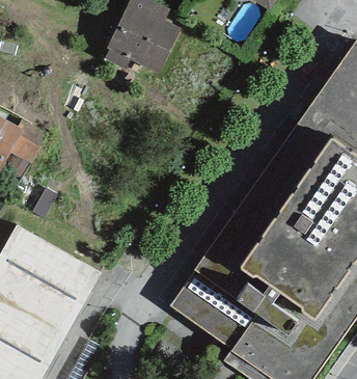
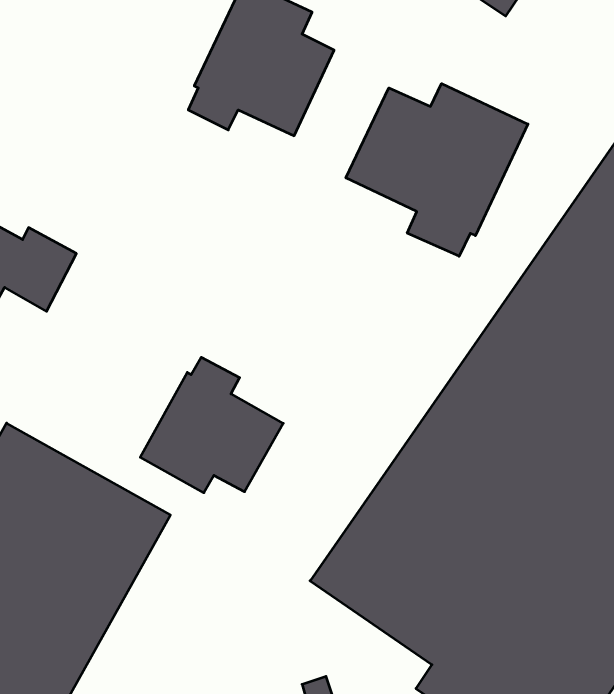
building: none -> [346,84,528,256]
building: none -> [140,357,283,493]

